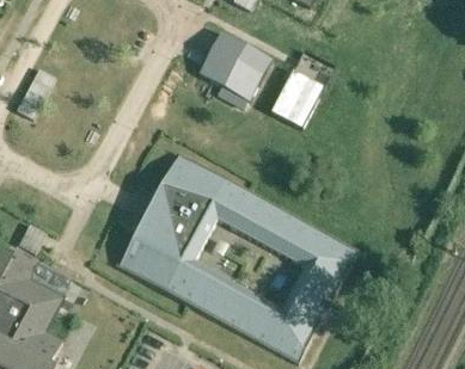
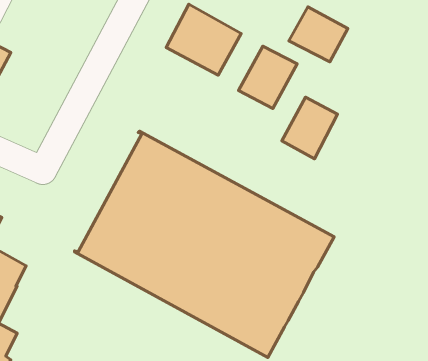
building: none -> [289,7,348,62]
building: none -> [282,97,338,159]

